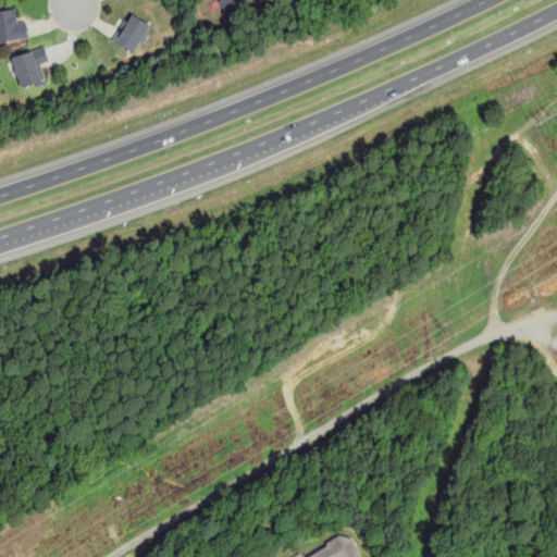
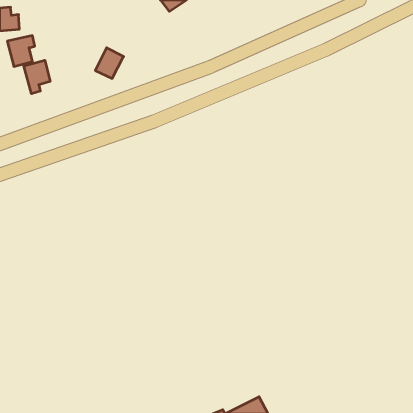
building: [112,14,150,55] -> [95,48,124,78]
building: none -> [24,60,50,94]

